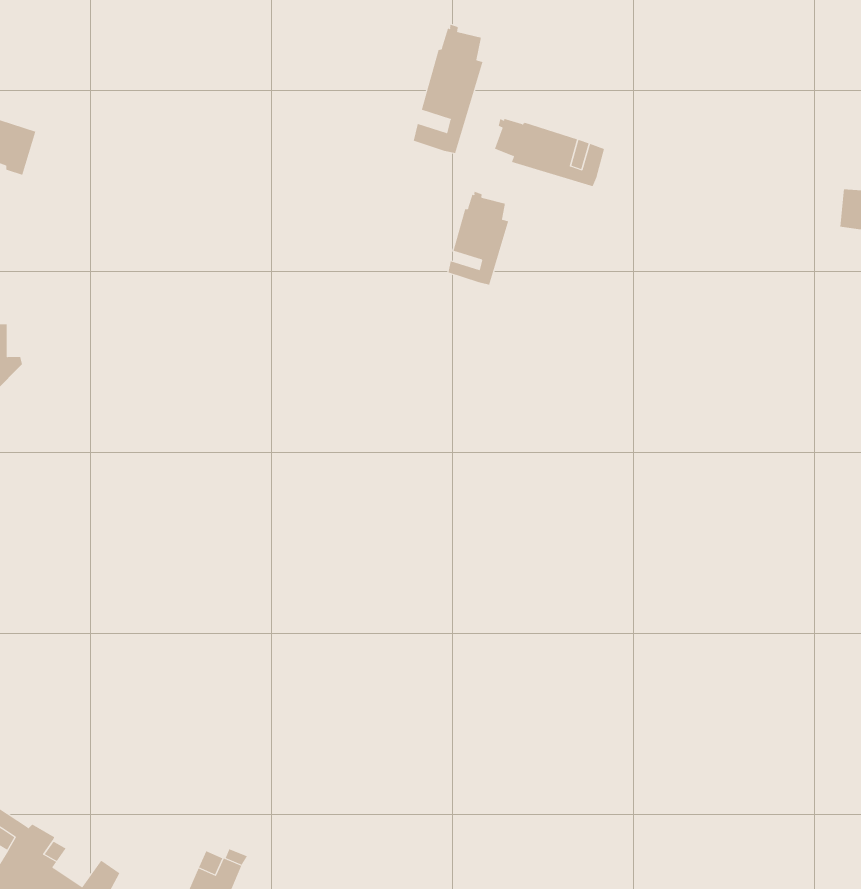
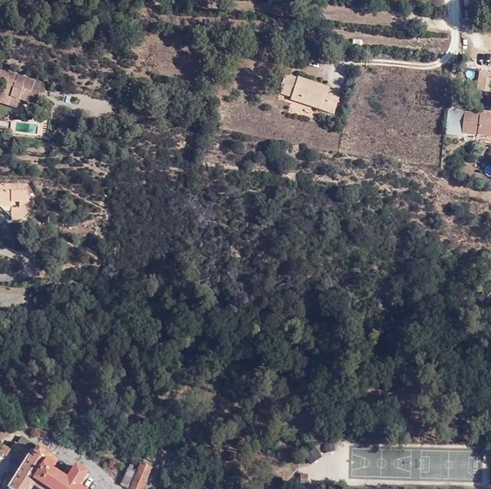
building: [413,24,483,154] -> none
building: [448,191,509,286] -> none

